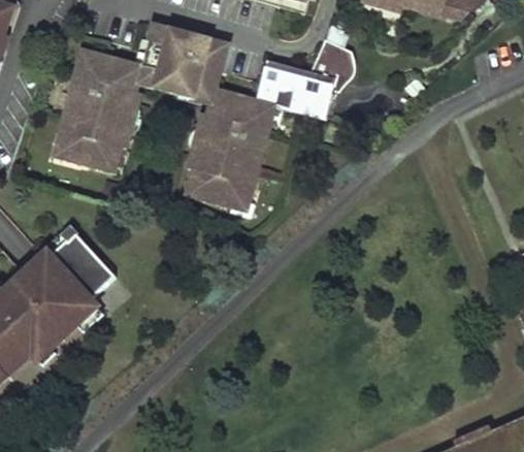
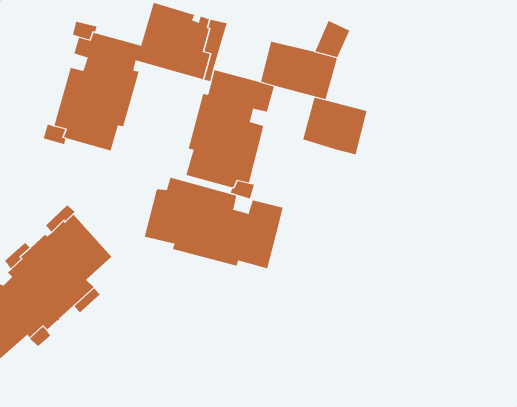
building: none -> [303,97,367,155]
building: none -> [144,177,283,269]

